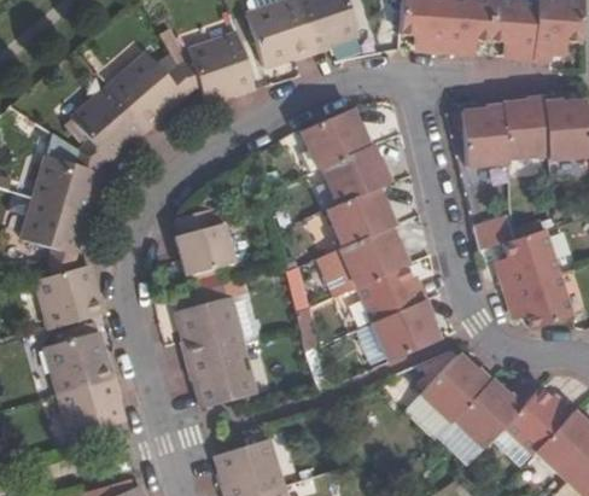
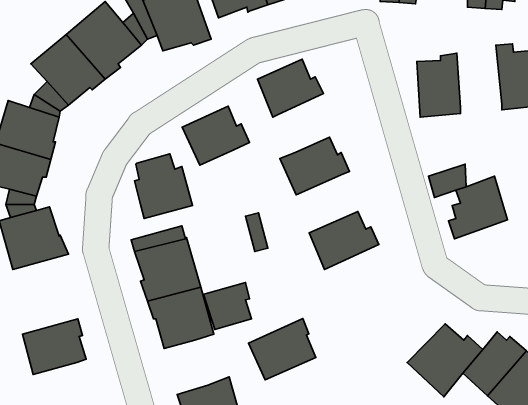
building: [503,95,549,159] -> none
building: [320,145,389,205] -> [182,106,249,165]
building: [336,227,408,287] -> none
building: [501,274,570,327] -> none
building: [368,299,437,362] -> [249,319,316,380]
building: [46,328,116,391] -> none
building: none -> [203,283,251,329]
building: [412,350,491,425] -> none

